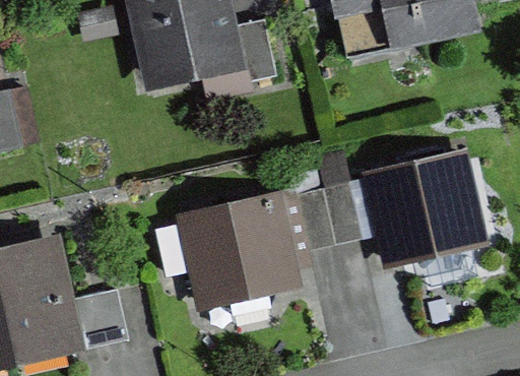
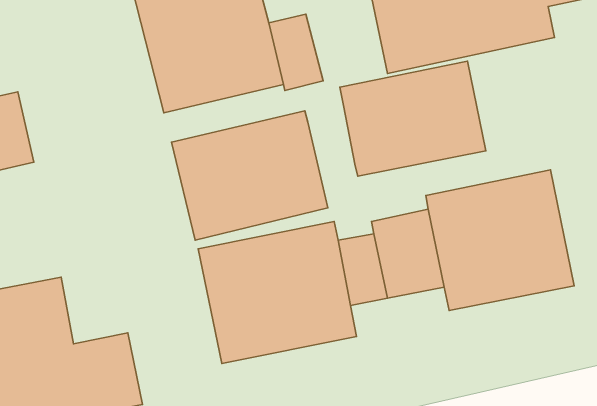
building: none -> [340,61,486,176]
building: none -> [172,111,328,240]

